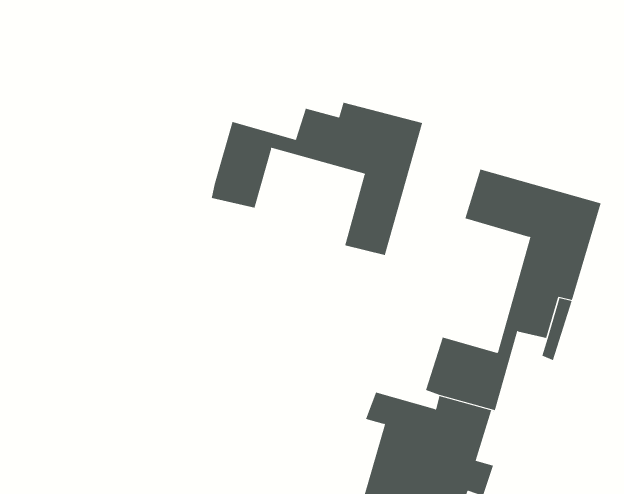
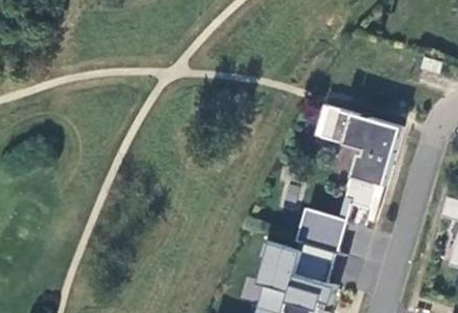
building: [211,102,423,256] -> none

